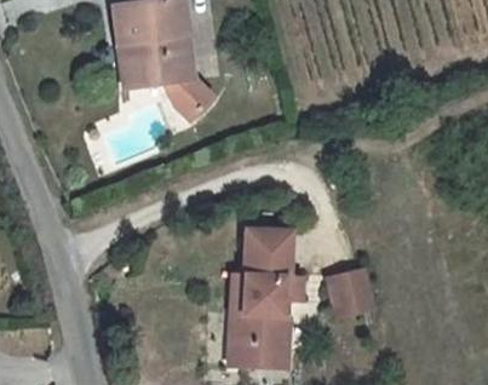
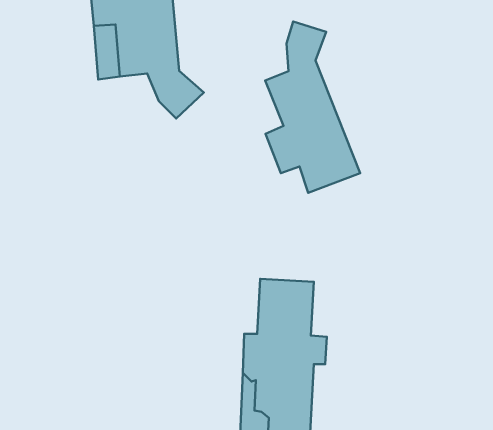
building: none -> [265,22,360,193]
building: [328,283,375,331] -> none

